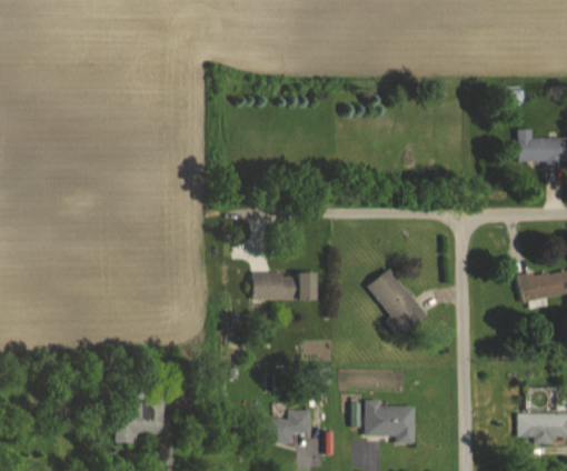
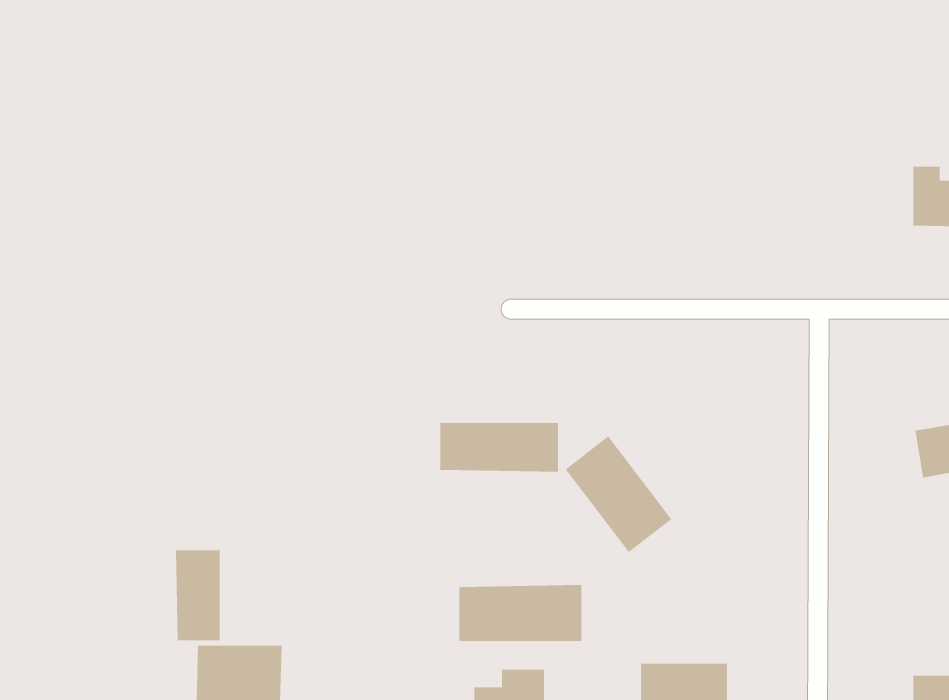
building: [366,269,426,334] -> [565,436,672,553]
building: none -> [175,550,220,641]
building: none -> [459,584,582,642]

